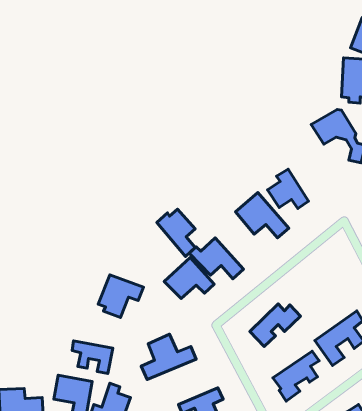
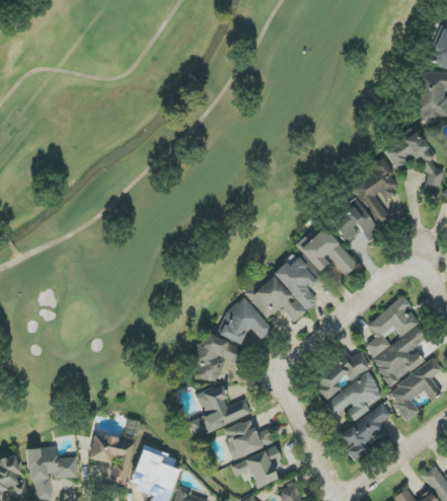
building: none -> [353,157,401,226]
building: [157,209,195,256] -> [275,258,318,311]
building: none -> [366,296,430,386]
building: [98,275,144,318] -> [192,334,243,382]
building: none -> [324,373,384,421]
building: [72,341,113,373] -> none
building: none -> [223,419,275,459]

